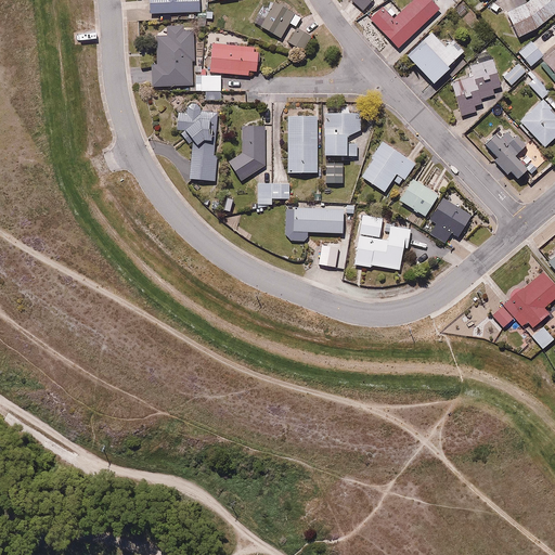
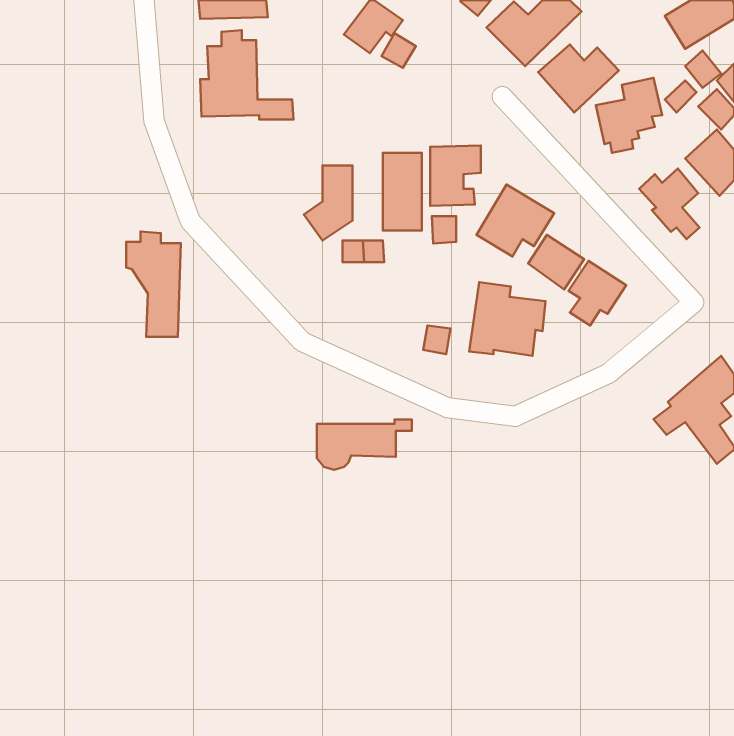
building: [210,30,259,75] -> none
building: [177,102,218,181] -> [126,232,181,337]
building: [285,204,357,242] -> [317,419,412,470]

